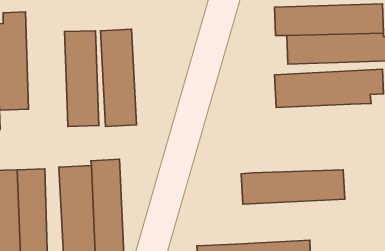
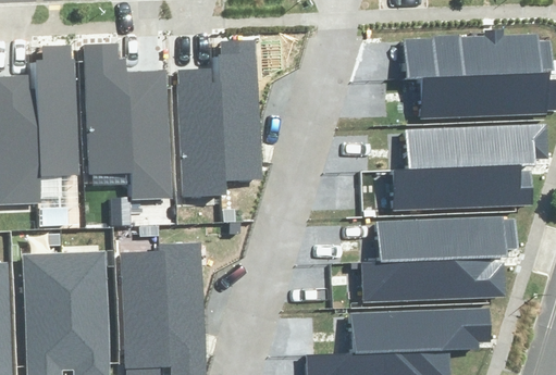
building: none -> [214,38,259,177]
building: none -> [85,42,128,170]
building: none -> [394,166,535,208]
building: none -> [373,212,509,259]
building: none -> [350,303,495,353]

